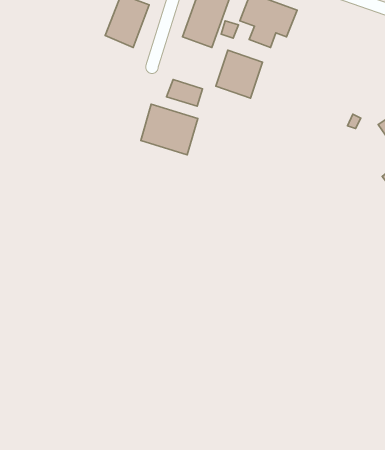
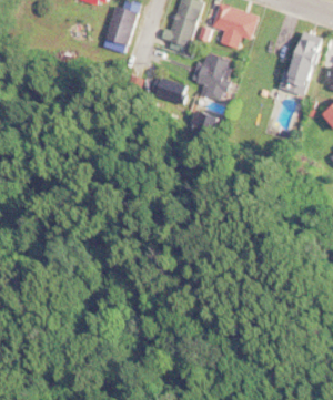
building: none -> [279,39,322,95]
building: [141,104,198,155] -> none

